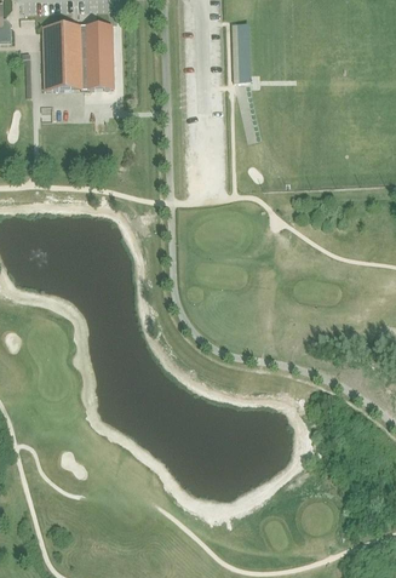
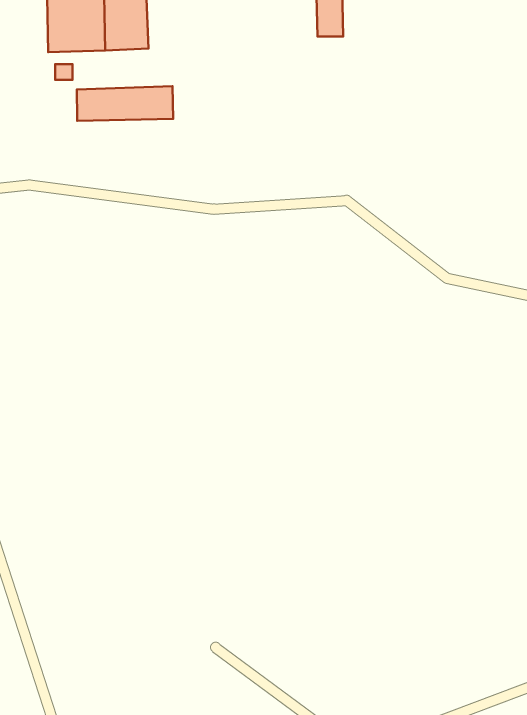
building: none -> [77,86,173,121]

